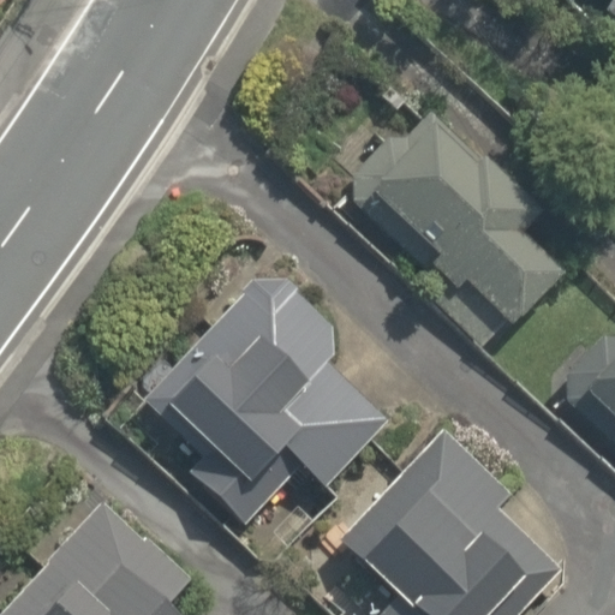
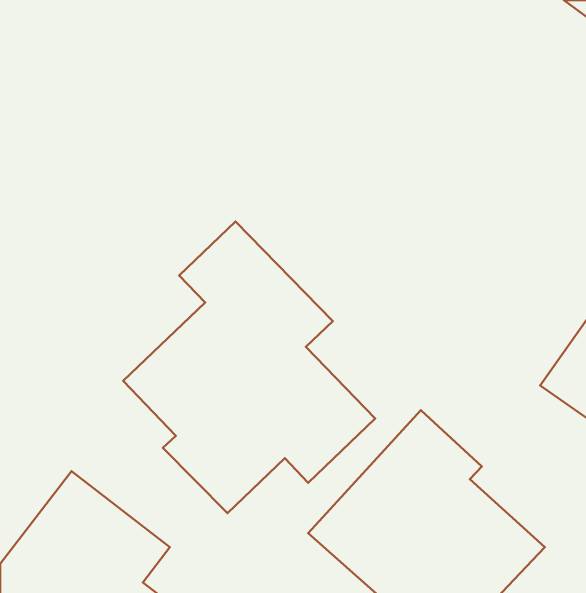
building: [357,112,577,366] -> none

